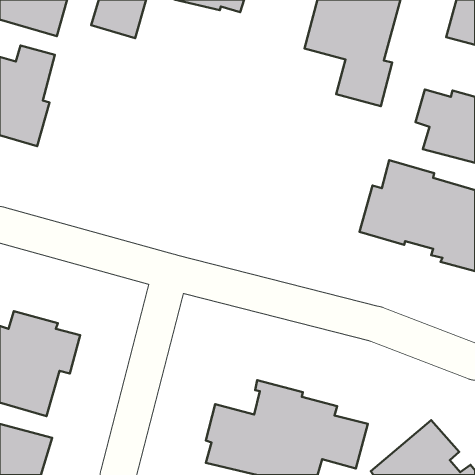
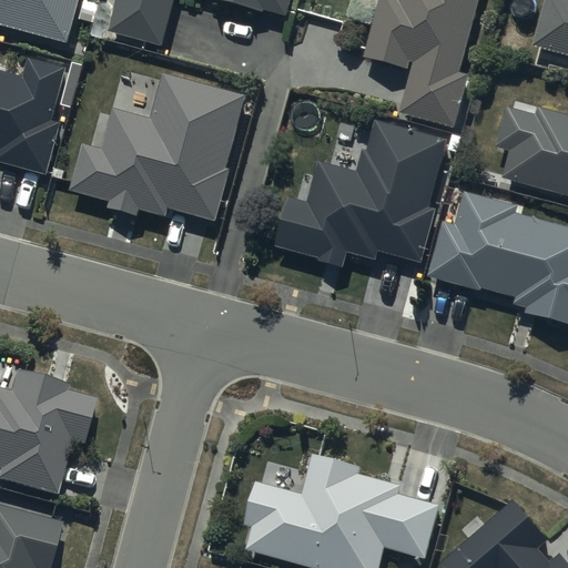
building: none -> [71,73,245,222]
building: none -> [274,120,448,268]

